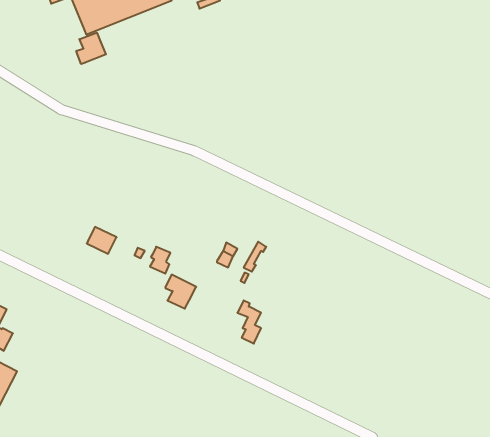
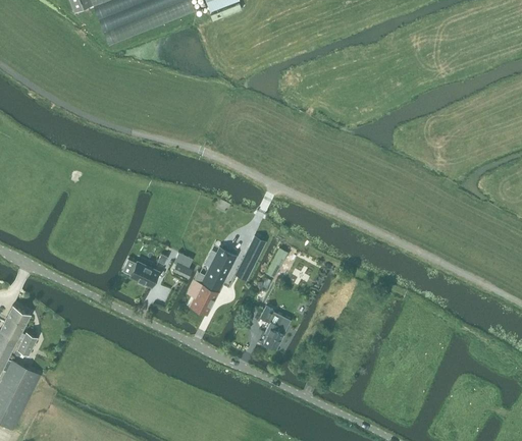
building: [76,33,106,64] -> none
building: [87,227,117,254] -> [129,260,159,286]
building: none -> [205,246,237,284]

